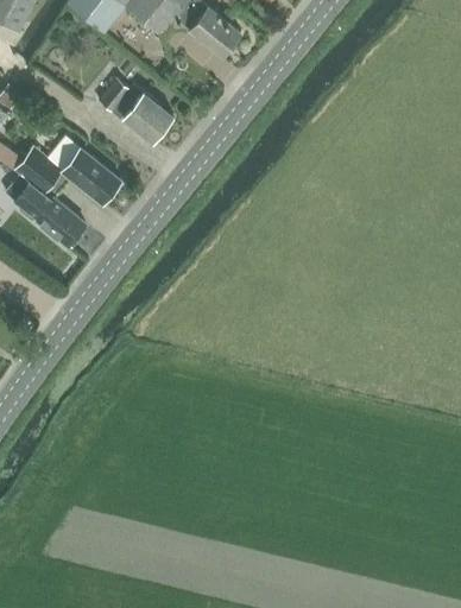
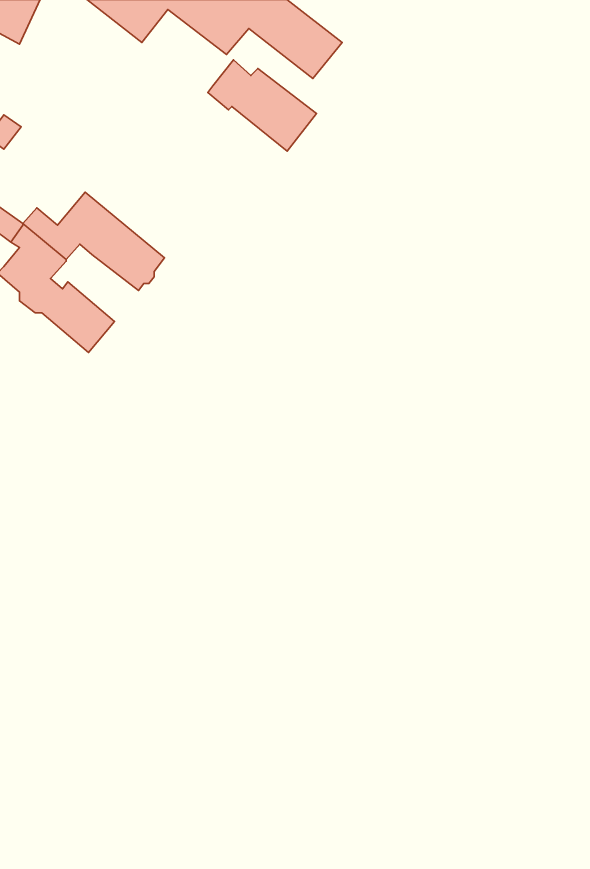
building: [100,81,175,144] -> [208,60,316,151]

